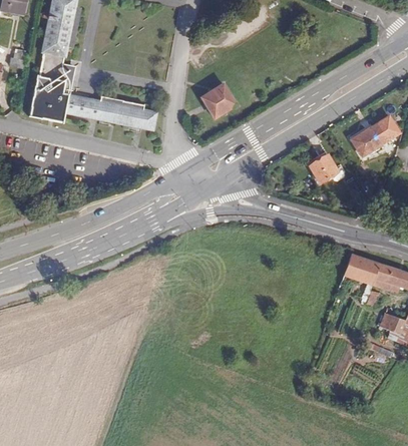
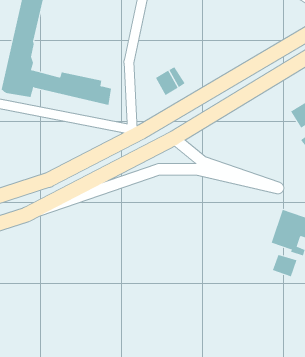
building: [315,151,345,183] -> none
building: none -> [272,254,297,277]

